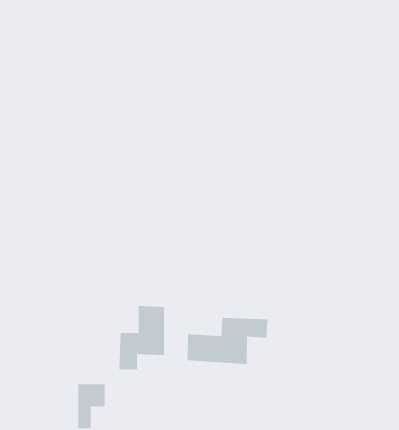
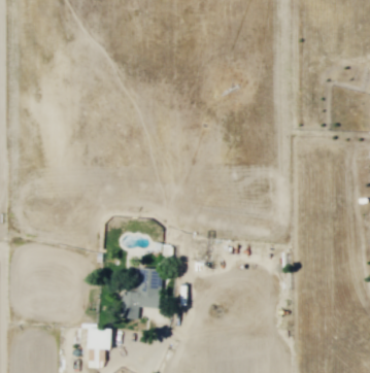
building: [187,317,268,365] -> none

